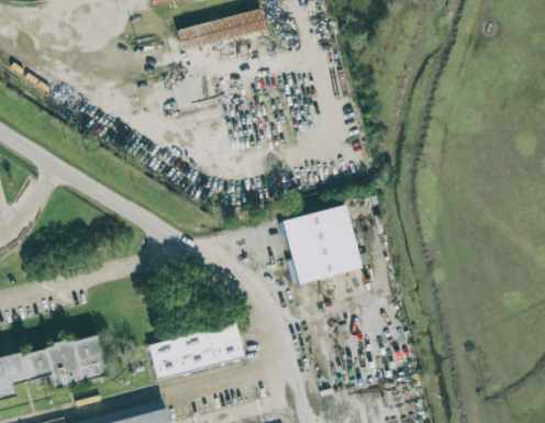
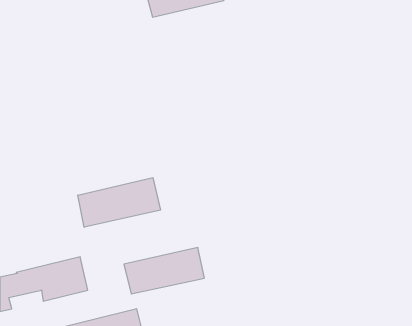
building: [282,204,360,283] -> none
building: none -> [78,178,160,227]

